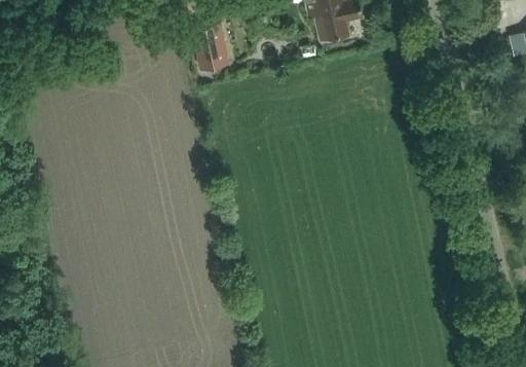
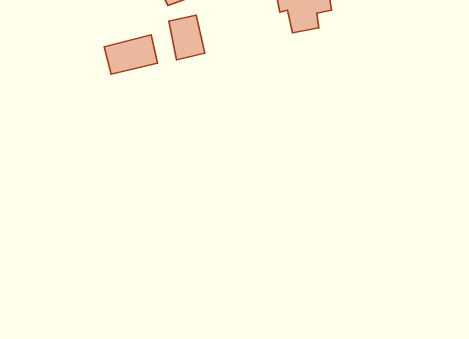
building: none -> [104,35,157,74]

